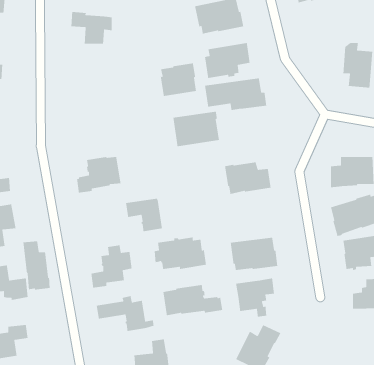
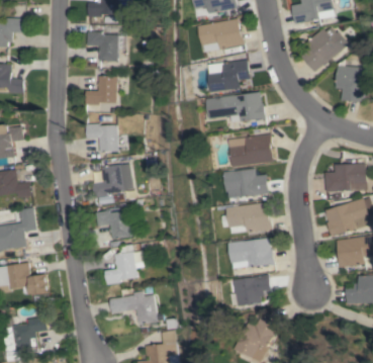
building: none -> [300,27,347,72]
building: none -> [85,77,115,105]
building: [160,63,197,97] -> none
building: [172,111,220,147] -> [230,134,274,168]
building: none -> [85,123,126,154]
building: [125,198,163,232] -> [95,208,129,240]
building: [154,237,207,270] -> [225,203,274,234]
building: [22,240,51,290] -> none
building: [163,284,223,316] -> none

